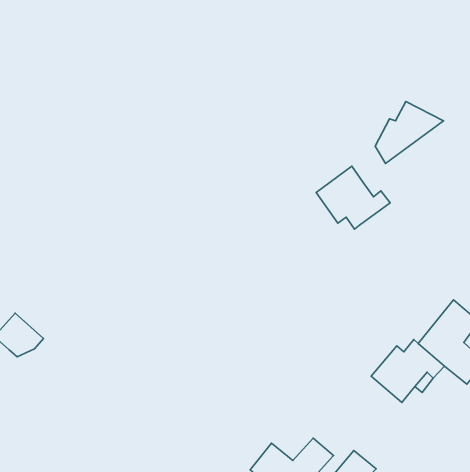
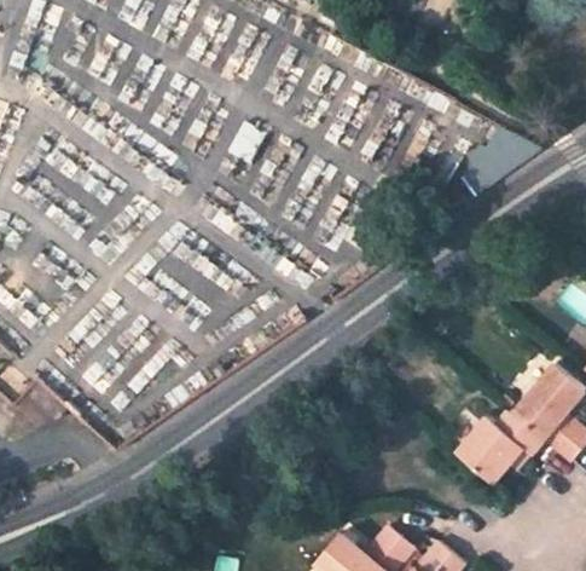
building: [316,166,390,229] -> none

